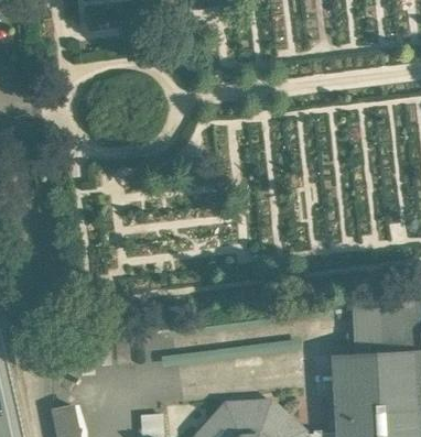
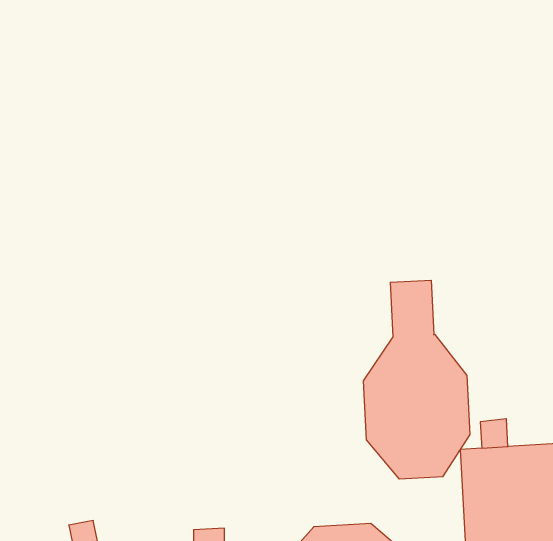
building: none -> [363,280,470,479]

